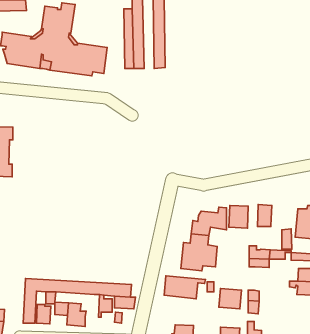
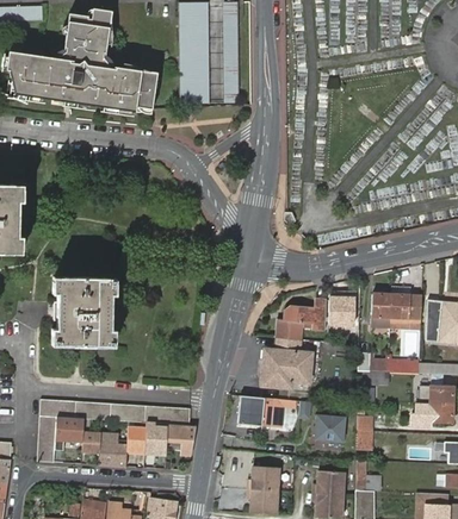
building: none -> [51,279,116,349]
building: none -> [389,289,420,327]
building: none -> [125,423,146,455]

